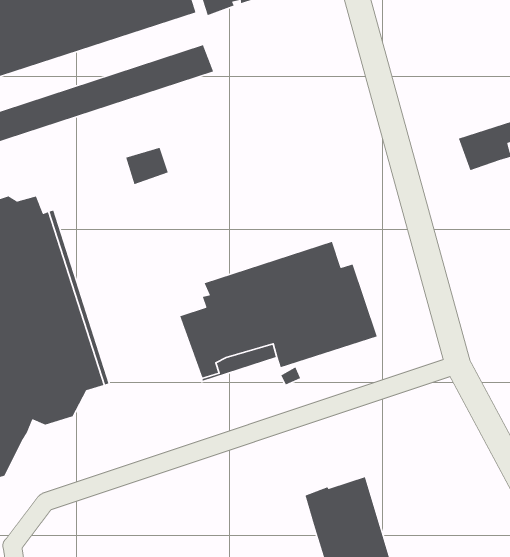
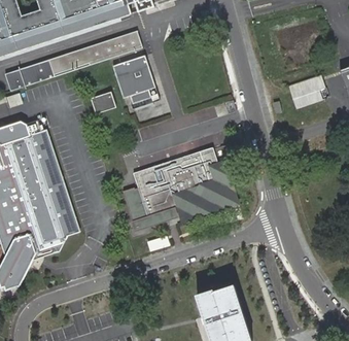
building: none -> [112,54,155,103]

